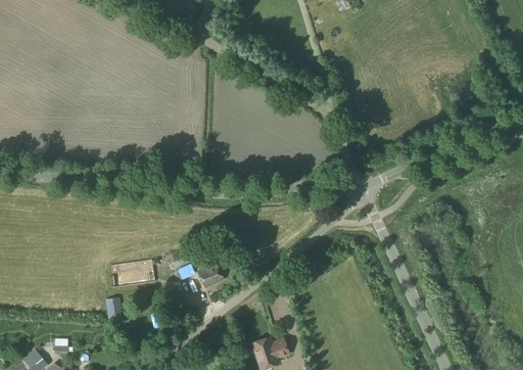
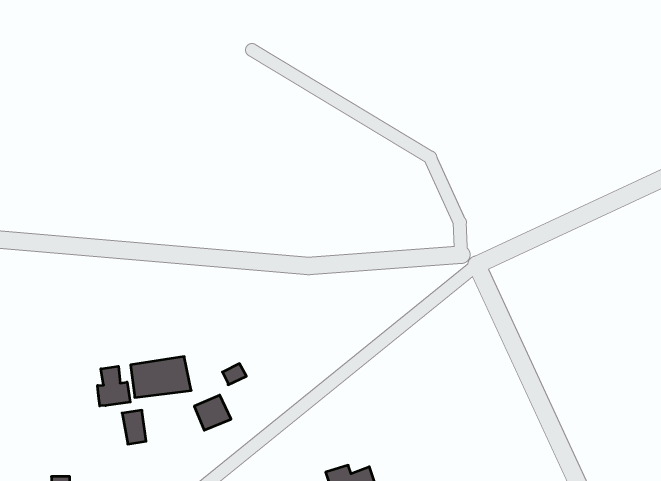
building: [197,263,224,288] -> [194,395,231,430]
building: none -> [98,366,130,406]

